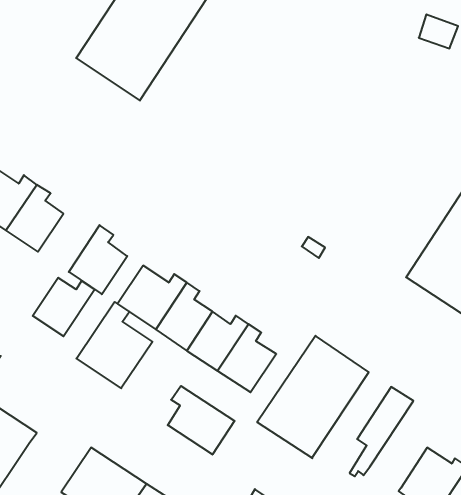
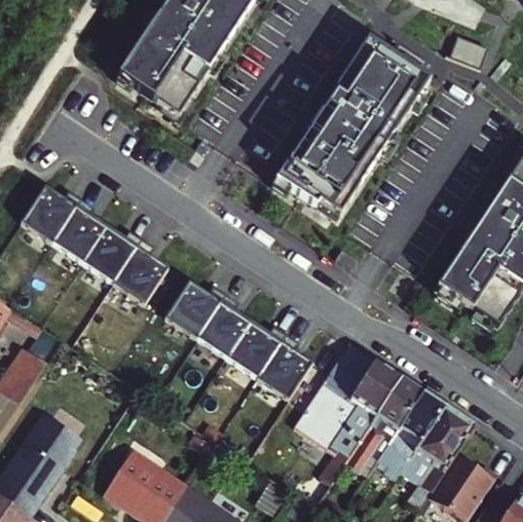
building: none -> [275,40,429,221]
building: [33,278,94,336] -> [81,226,141,283]
building: [76,302,152,388] -> none
building: none -> [346,379,422,472]
building: [168,386,235,455] -> none
building: none -> [402,407,474,491]

